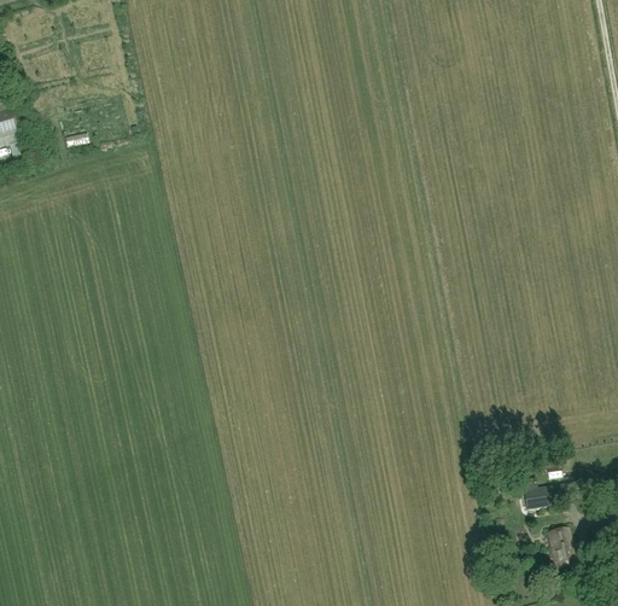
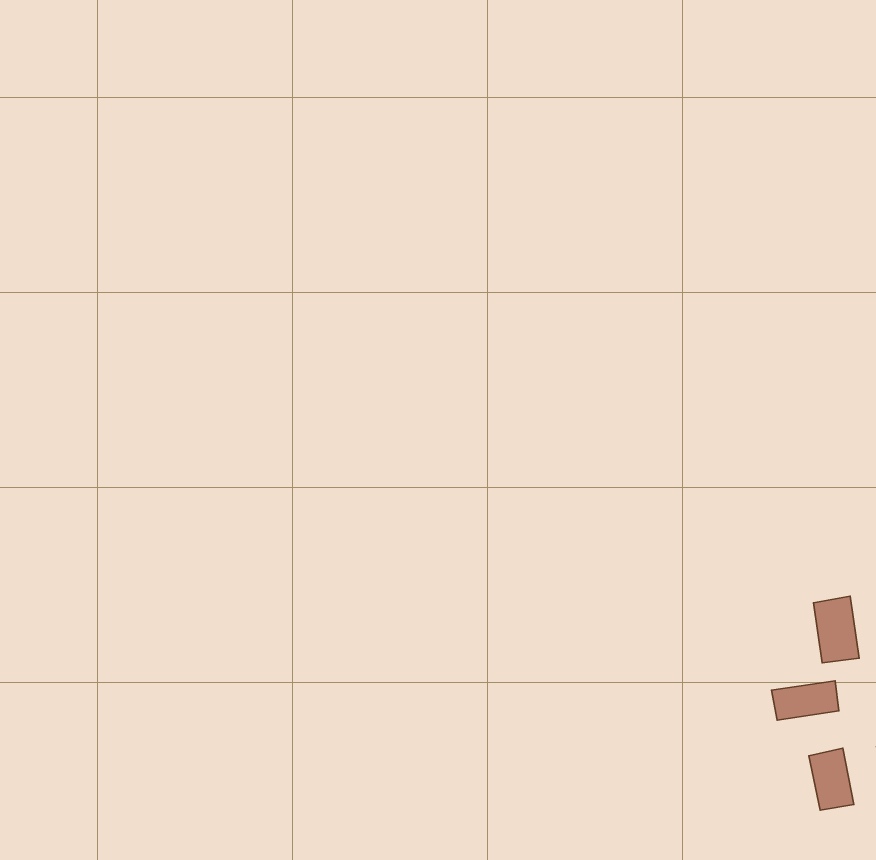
building: none -> [814,596,859,663]

